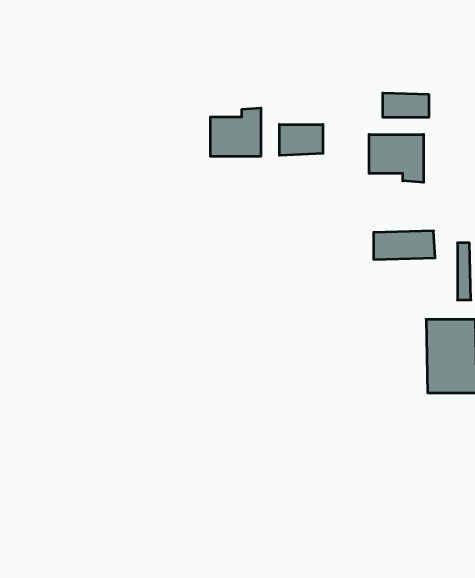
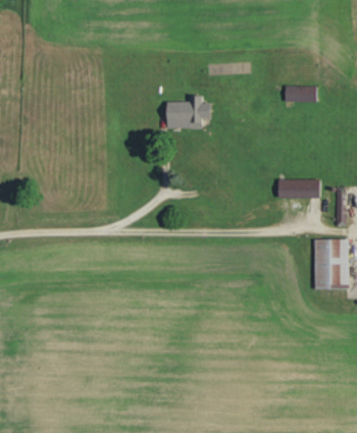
building: [279,124,323,155] -> none
building: [369,134,424,182] -> none

